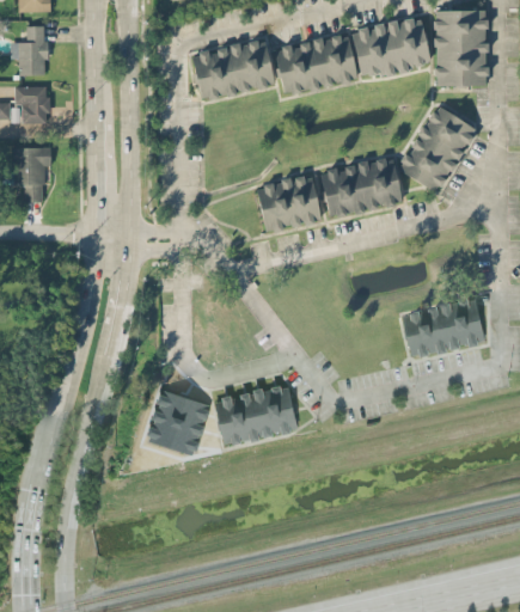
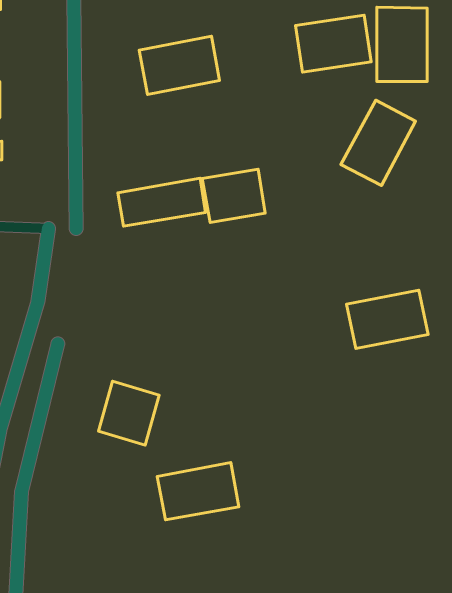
building: [274,32,356,94] -> none
building: [319,157,403,218] -> none
building: none -> [118,178,205,226]
building: [218,388,301,447] -> [157,463,239,520]

